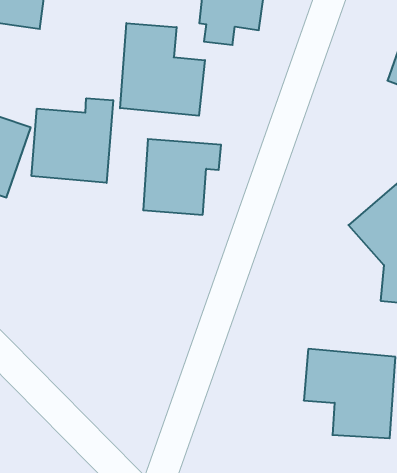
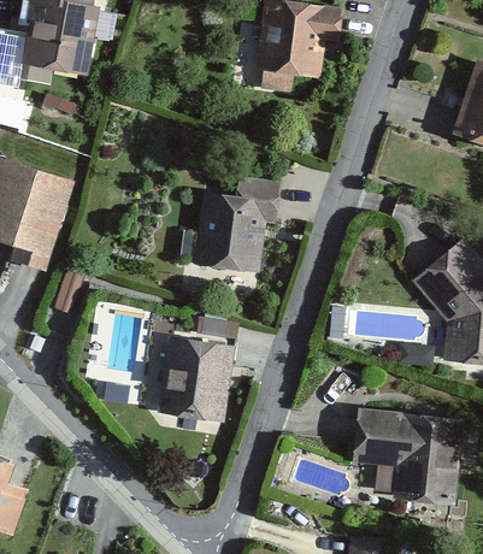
building: [120,23,205,116] -> none
building: [32,98,113,183] -> none
building: none -> [158,336,235,423]

